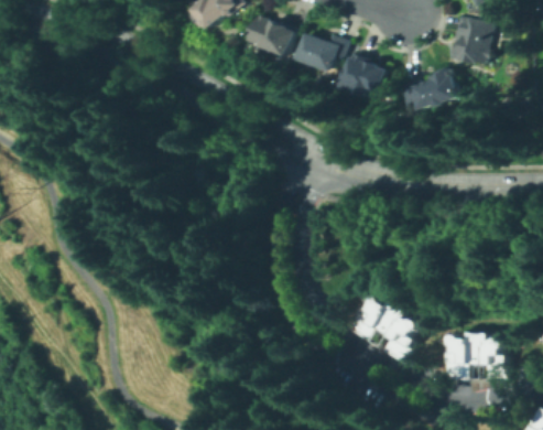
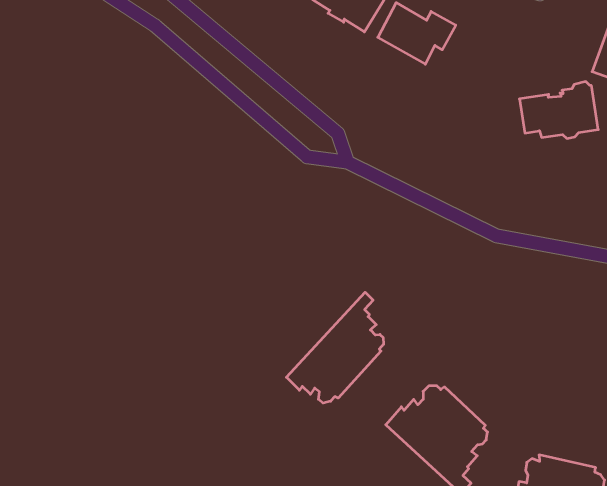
building: [339,52,387,97] -> none
building: none -> [286,292,384,403]

